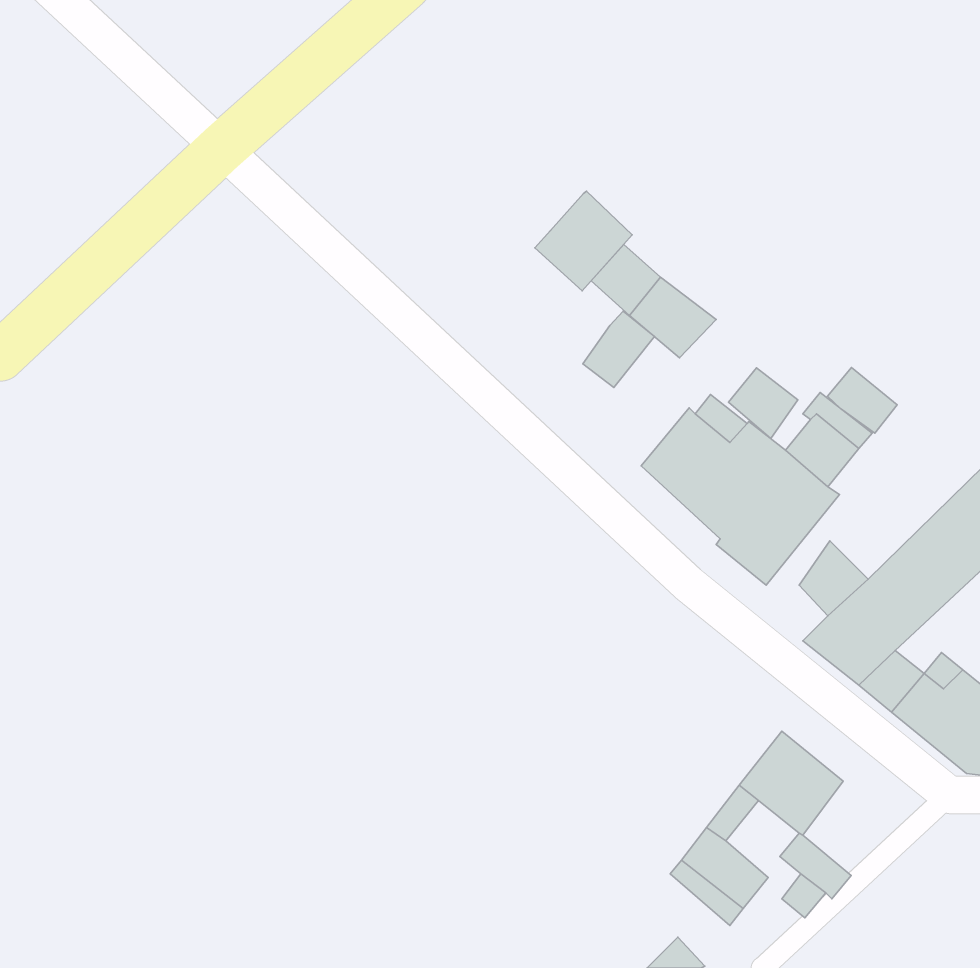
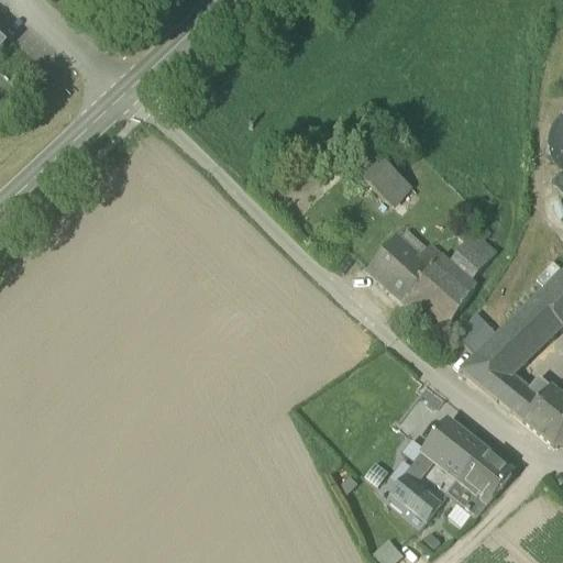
building: [535,191,632,291] -> none
building: [583,311,654,388] -> none
building: [827,367,897,433] -> none
building: [729,368,798,439] -> none
building: none -> [461,446,512,500]

